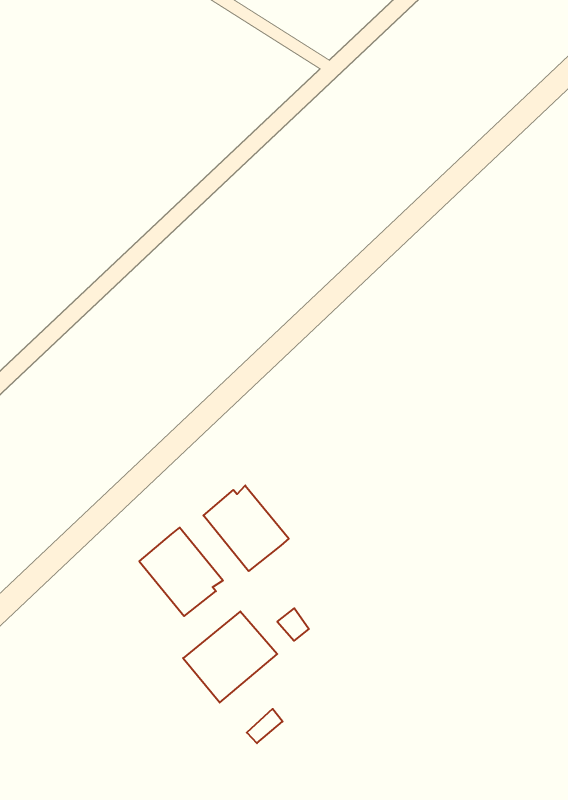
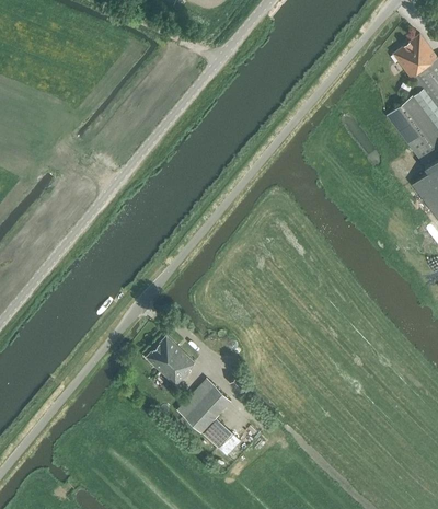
building: [203,485,289,571] -> none

